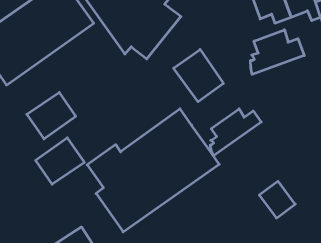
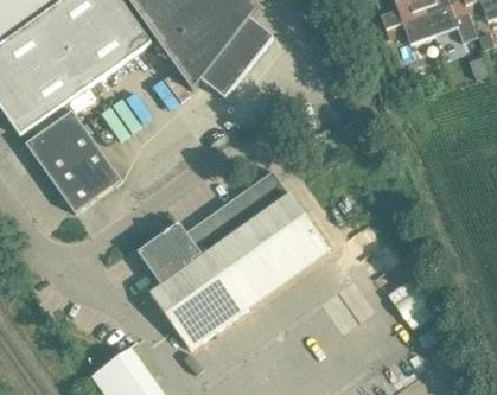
building: [251,30,304,74] -> none
building: [174,49,223,102] -> none
building: [210,109,261,156] -> none
building: [36,138,84,184] -> [26,109,97,177]

